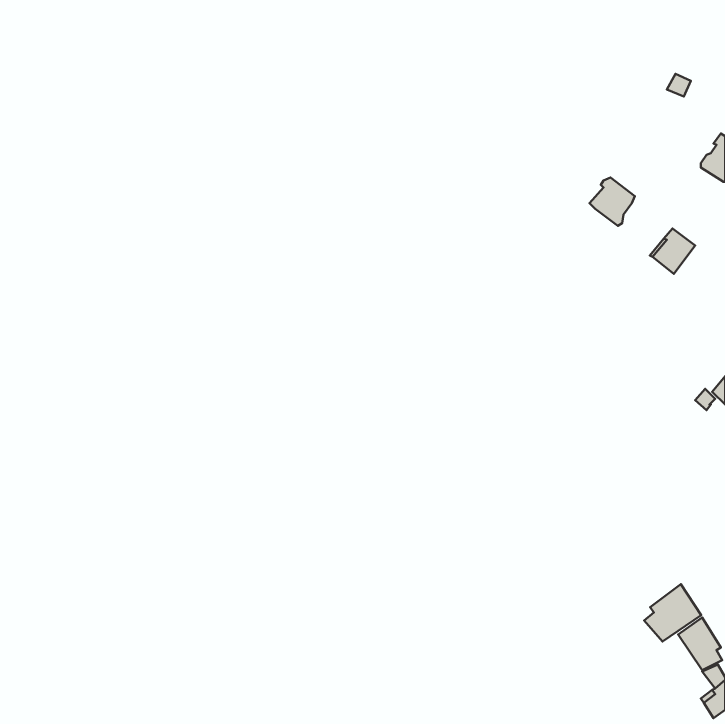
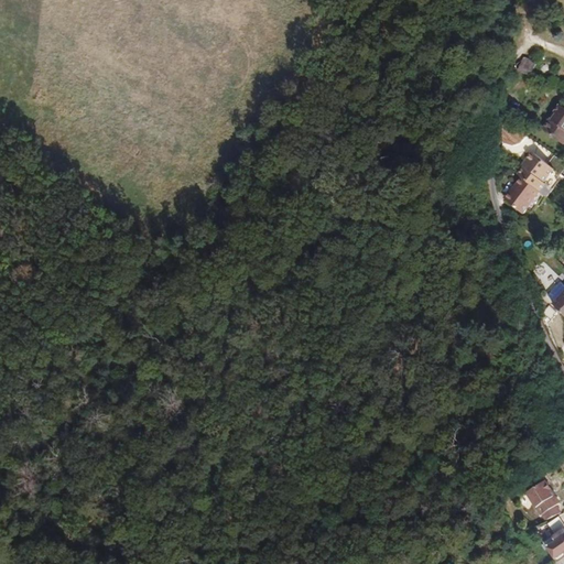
building: [589,178,635,226] -> [518,153,553,191]
building: [644,584,701,641] -> none

